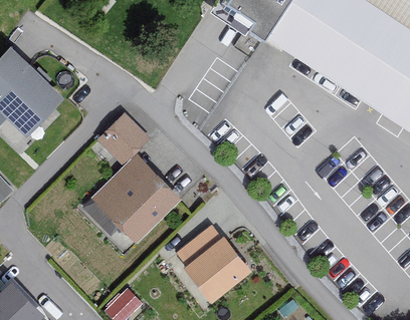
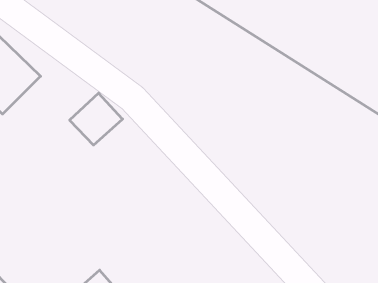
building: [81,152,182,241] -> none
building: [177,225,254,298] -> none

